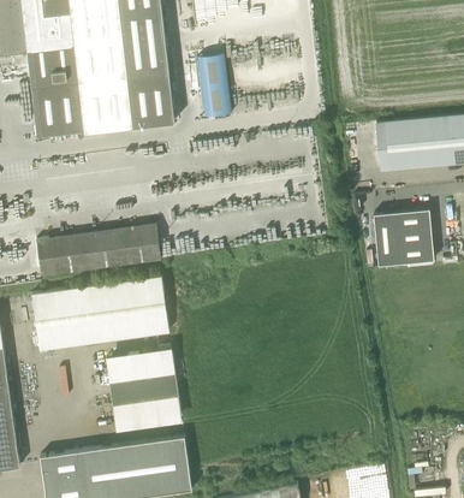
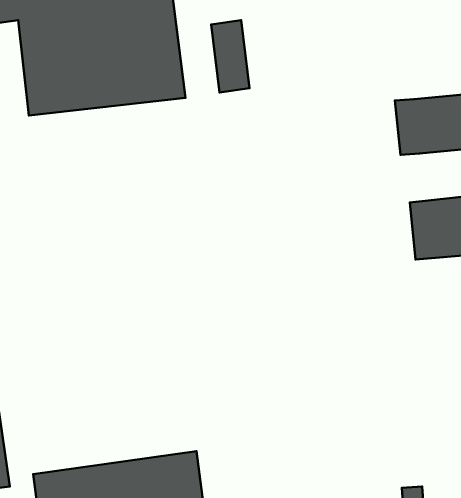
building: [35,223,160,275] -> none
building: [31,277,168,350] -> none
building: [106,354,180,425] -> none

